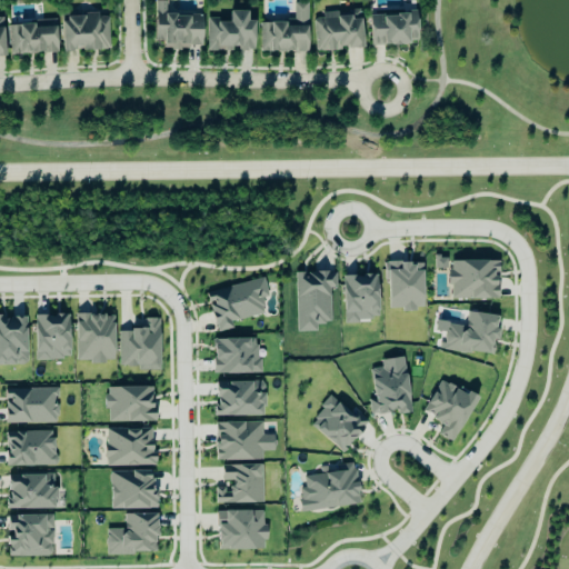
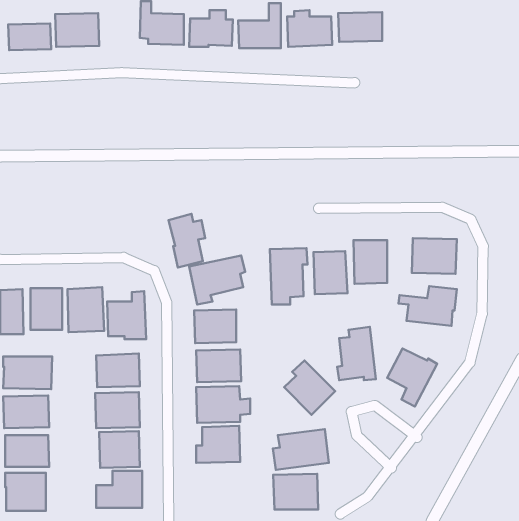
building: none -> [169,214,205,268]
building: [218,510,267,549] -> [273,474,318,510]

